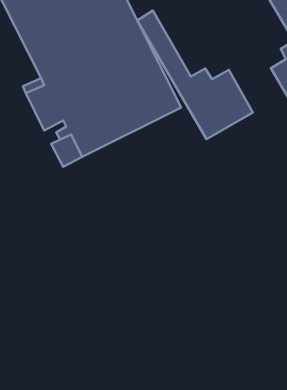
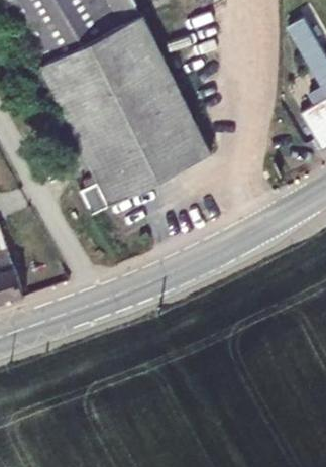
building: [137,11,253,139] -> none

